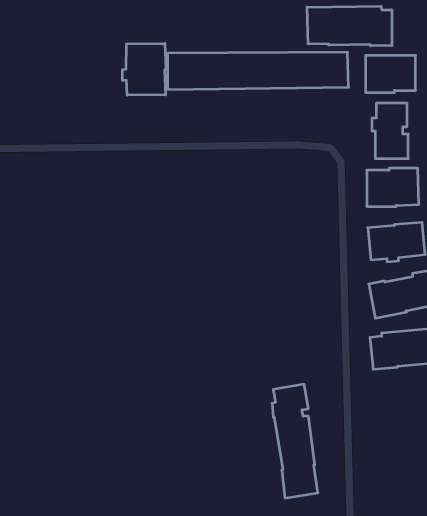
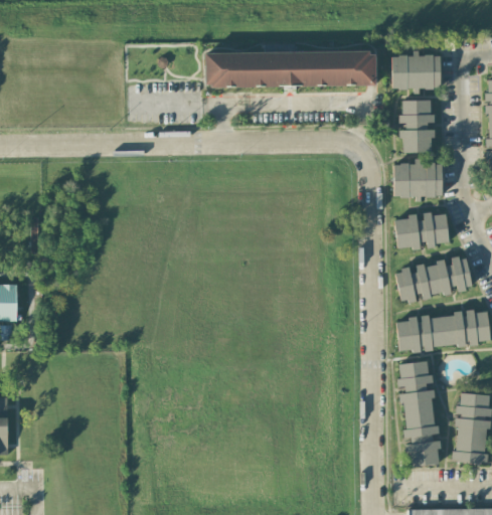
building: [307,6,392,46] -> none
building: [122,43,166,95] -> none
building: [272,384,318,498] -> [397,359,441,467]

